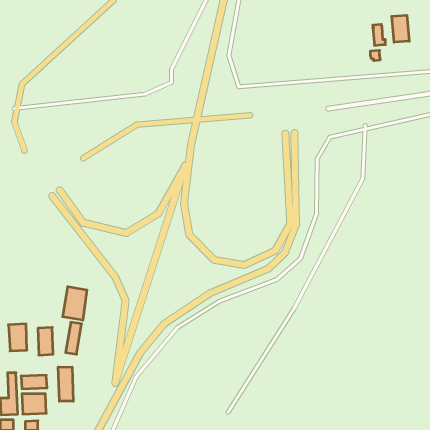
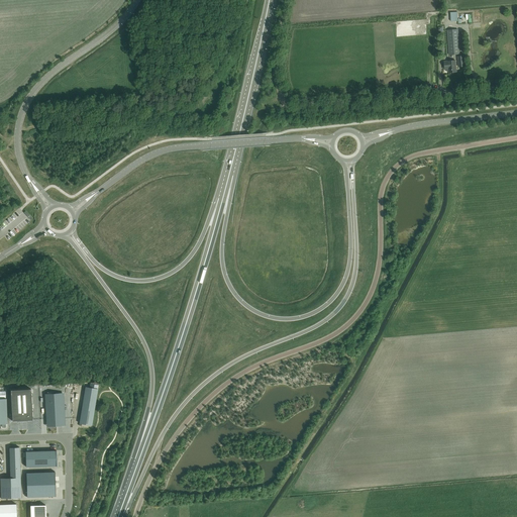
building: [392,15,409,42] -> none
building: [63,287,87,320] -> none
building: [58,367,73,401] -> none

